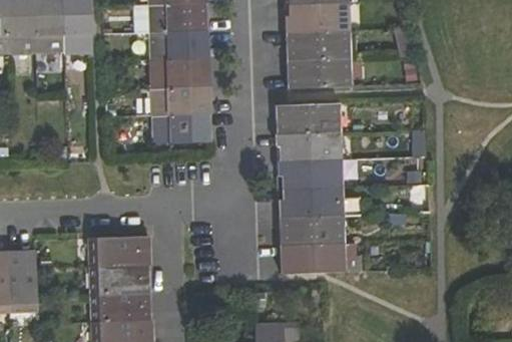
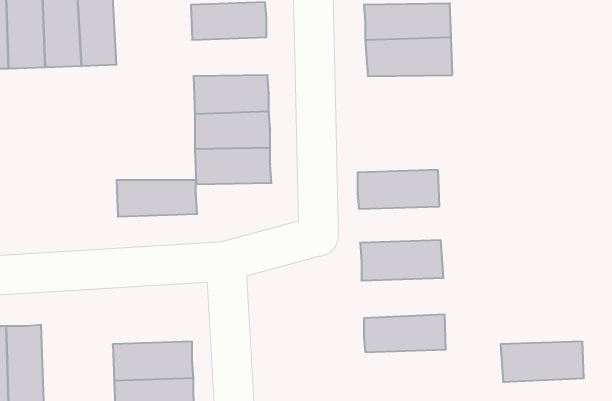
building: [150,29,208,59] -> none
building: [286,58,352,85] -> none
building: [276,102,340,133] -> none
building: [279,159,342,188] -> none
building: [281,215,345,246] -> [501,342,584,382]
building: [88,238,150,266] -> [116,180,197,217]

